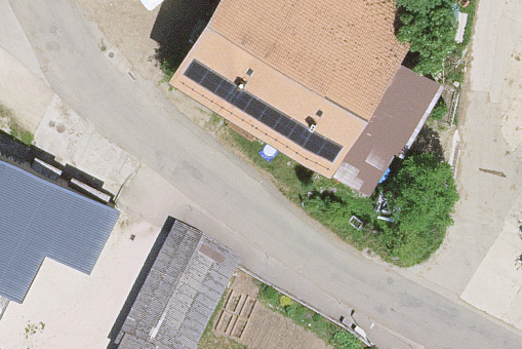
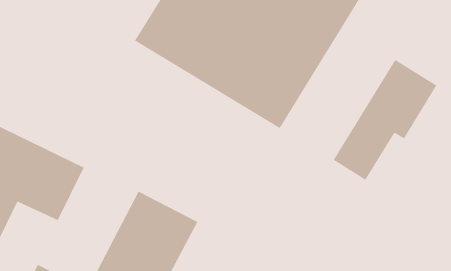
building: [328,63,442,195] -> [333,59,437,181]

